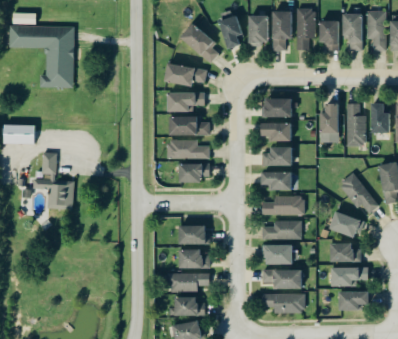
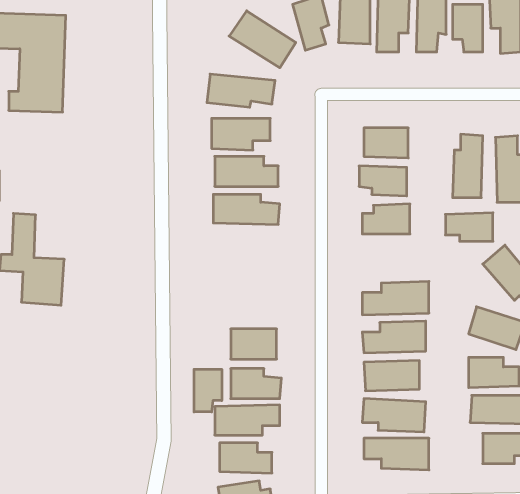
building: [178,163,210,182] -> none
building: [261,171,291,189] -> [445,213,493,241]
building: none -> [194,369,222,412]

